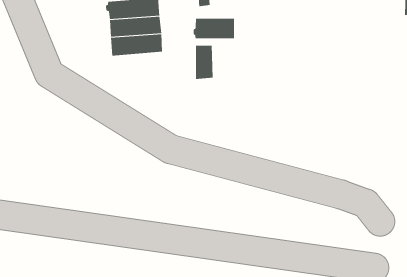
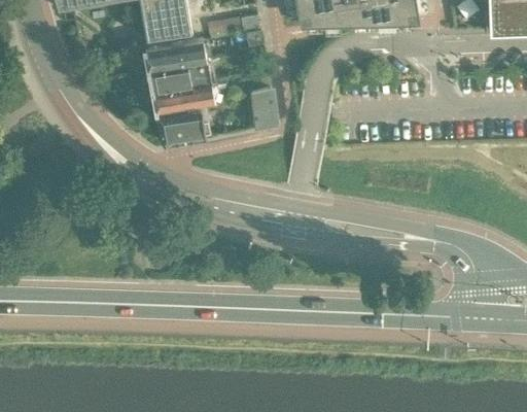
building: [193,18,235,39] -> none
building: none -> [157,104,208,142]

